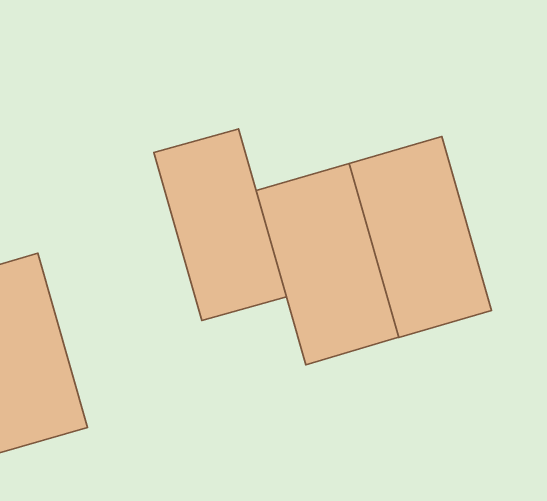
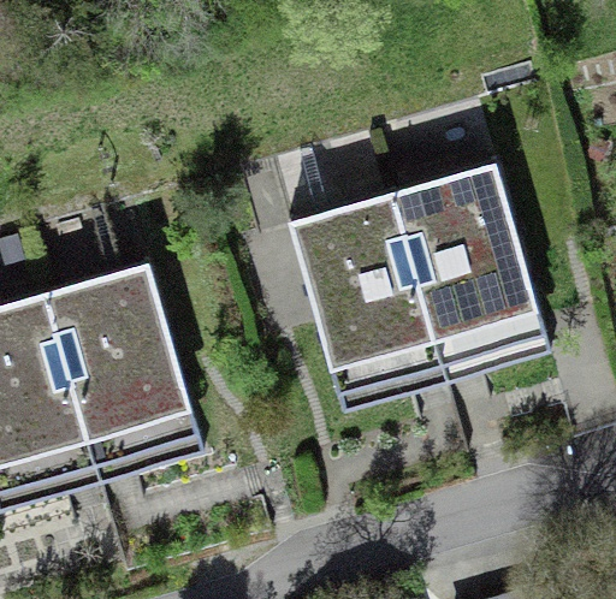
building: [154,129,286,320] -> none
building: none -> [45,259,203,482]

